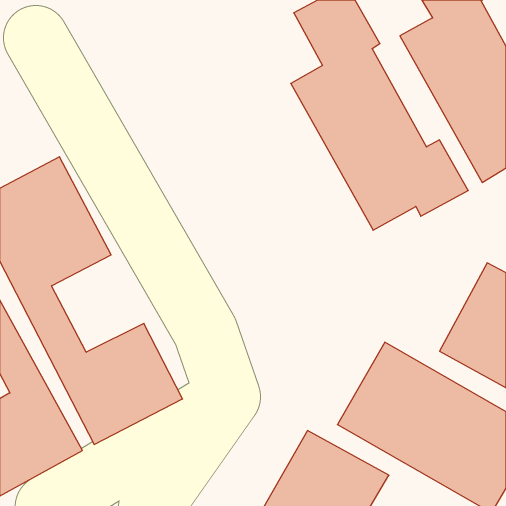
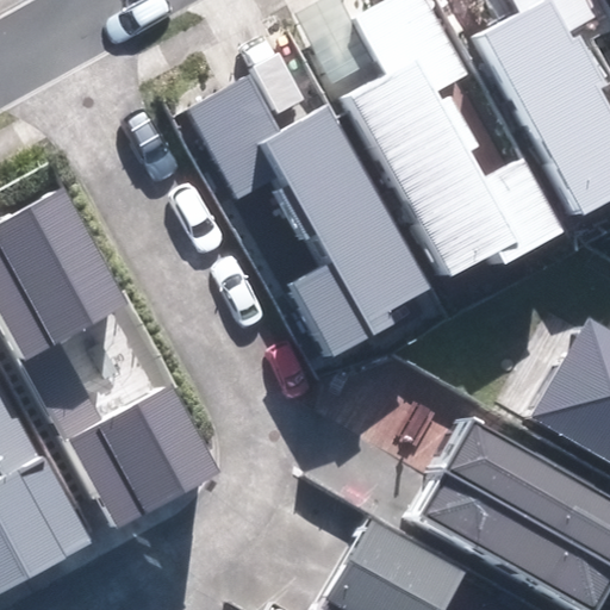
building: none -> [188,75,432,360]

